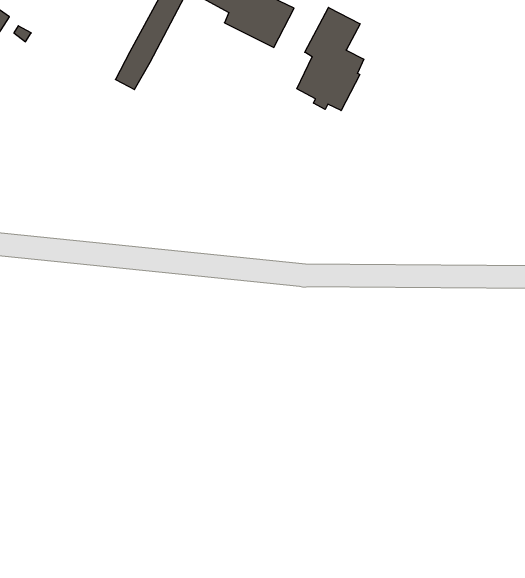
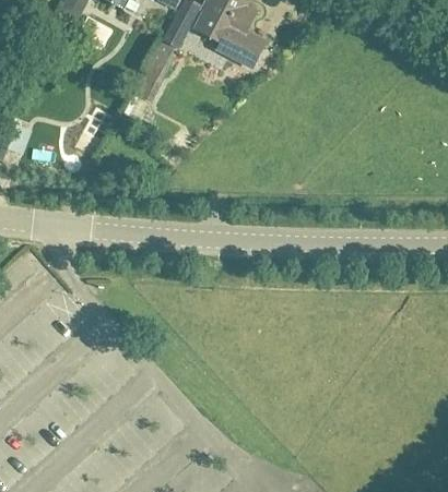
building: [297,7,364,111] -> none

